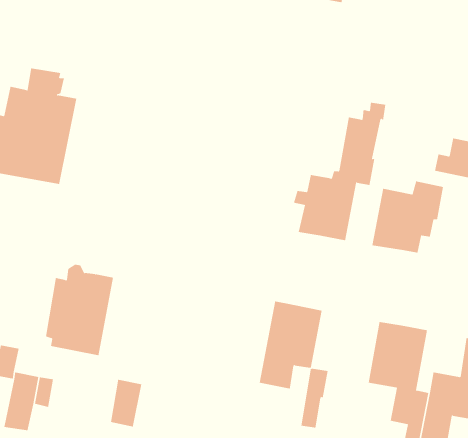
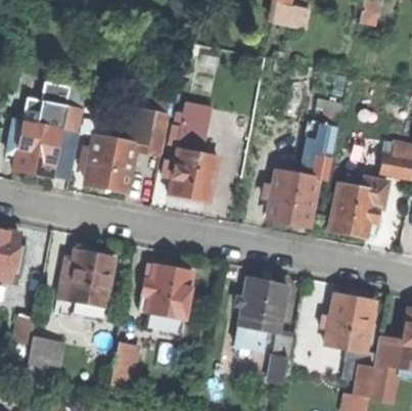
building: none -> [84,111,166,193]
building: none -> [162,116,218,202]
building: none -> [138,266,192,334]

